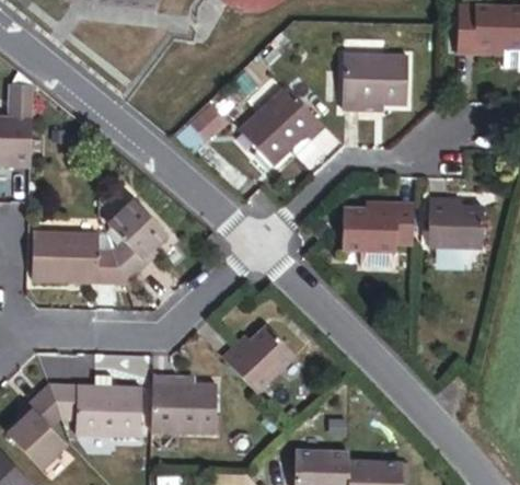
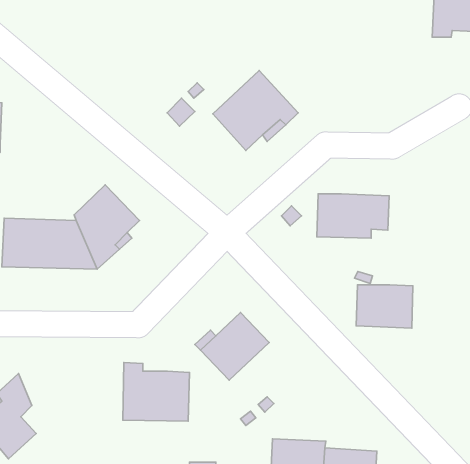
building: [342,55,408,108] -> none
building: [428,206,484,249] -> [356,285,413,328]
building: [48,378,140,435] -> none

